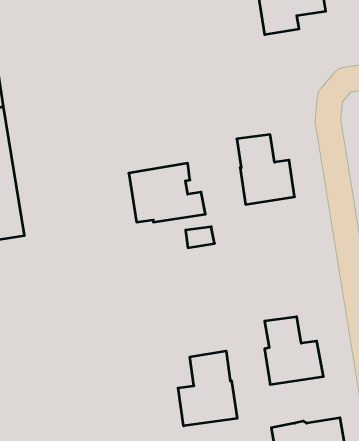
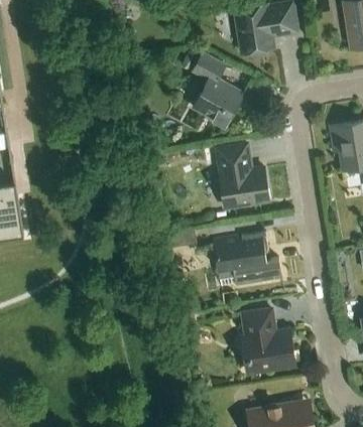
building: none -> [191,52,242,127]
building: [129,163,205,222] -> [212,232,281,285]
building: [178,351,237,426] -> none

